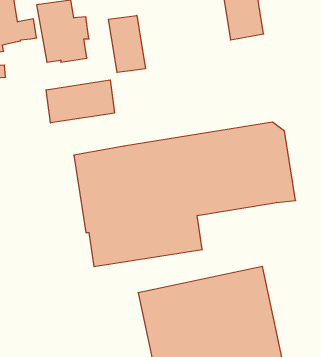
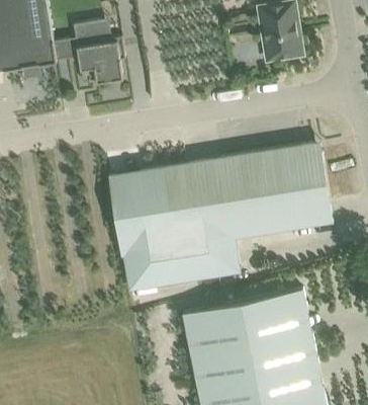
building: [108,15,145,73] -> none
building: [46,80,114,123] -> none

